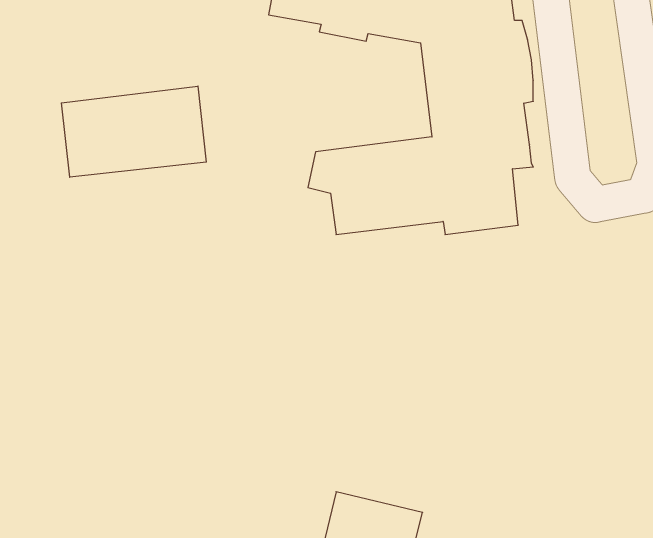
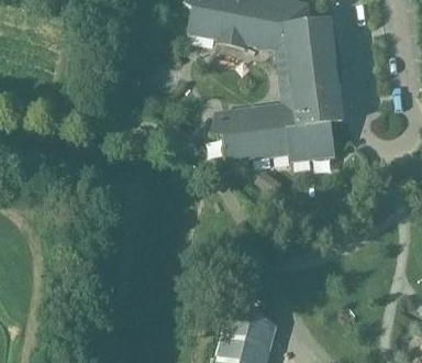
building: [61,86,206,177] -> none

